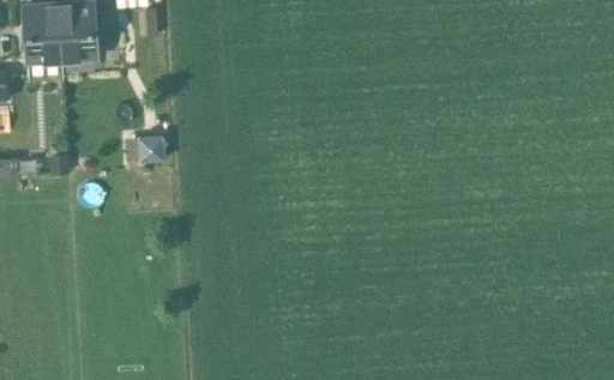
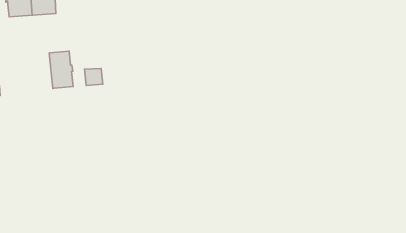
building: none -> [49,51,73,88]

